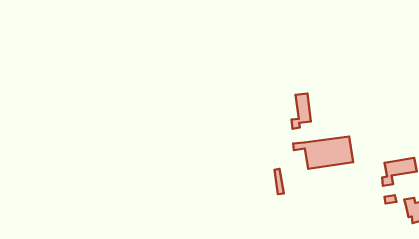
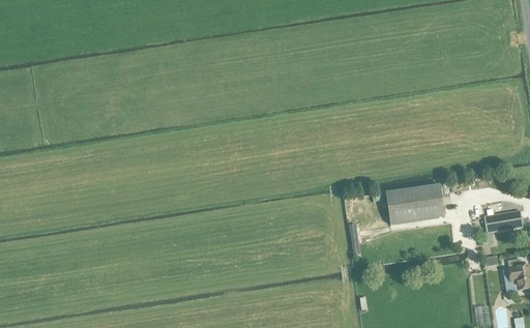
building: [291,93,311,129] -> none

